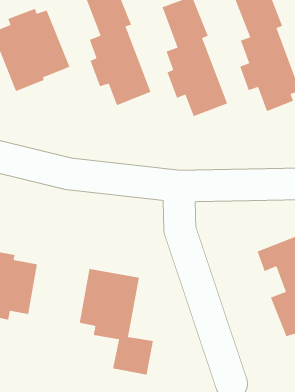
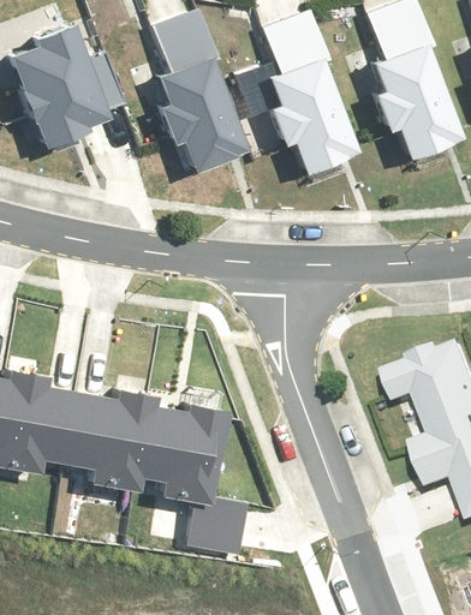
building: none -> [68,382,155,488]

